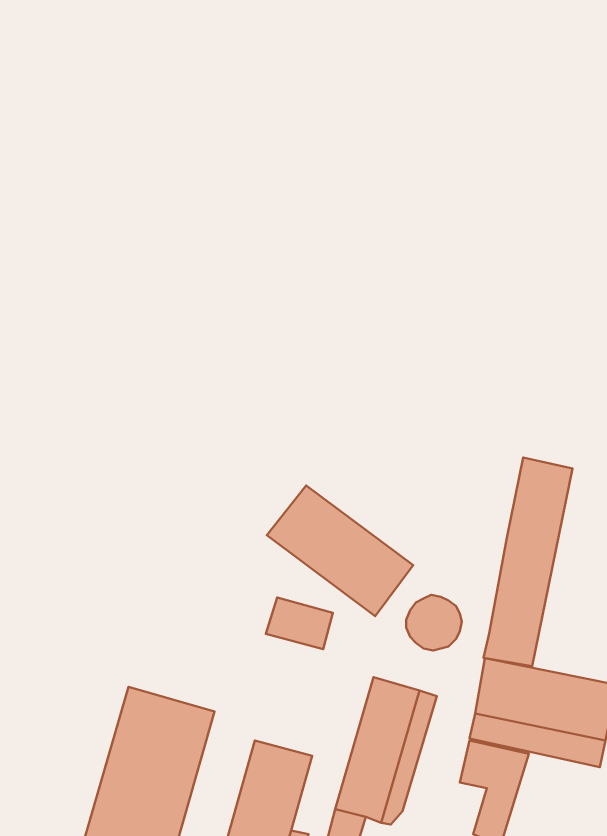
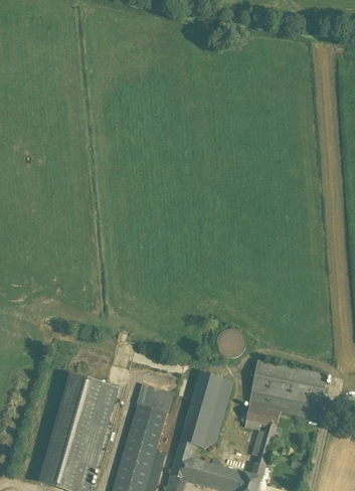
building: [483,458,572,666] -> none
building: [267,486,413,616] -> none
building: [266,597,333,649] -> [137,385,172,413]

